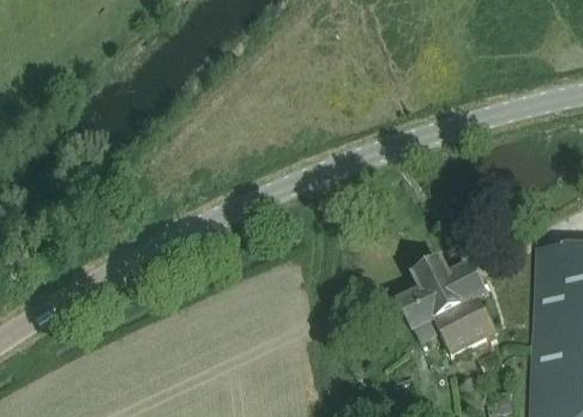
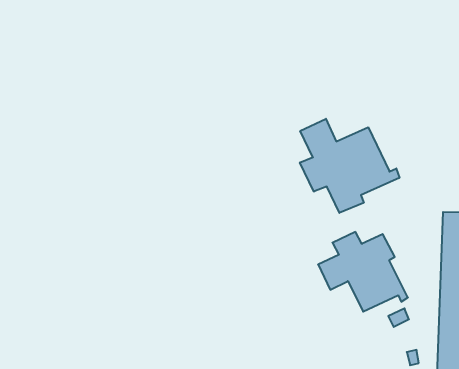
building: none -> [300,119,399,213]

